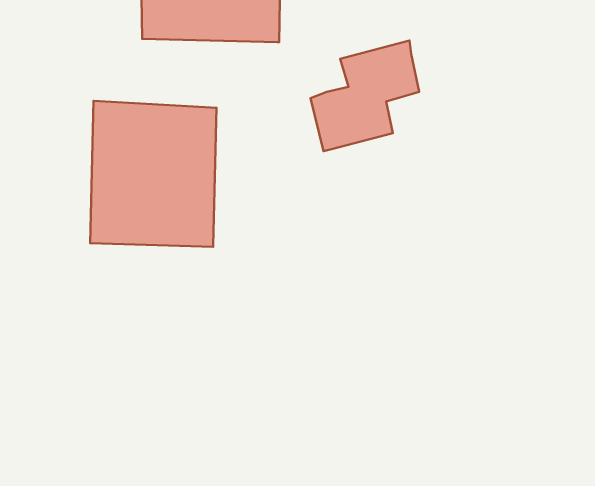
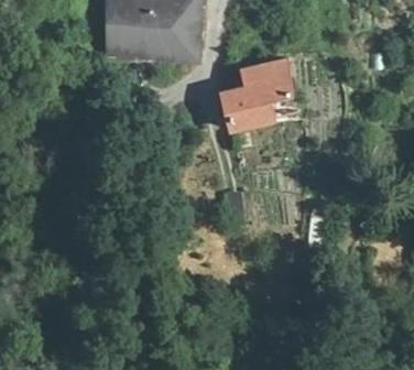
building: [90,101,216,247] -> none

